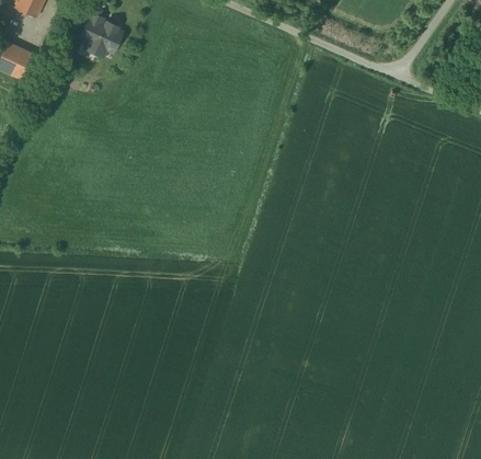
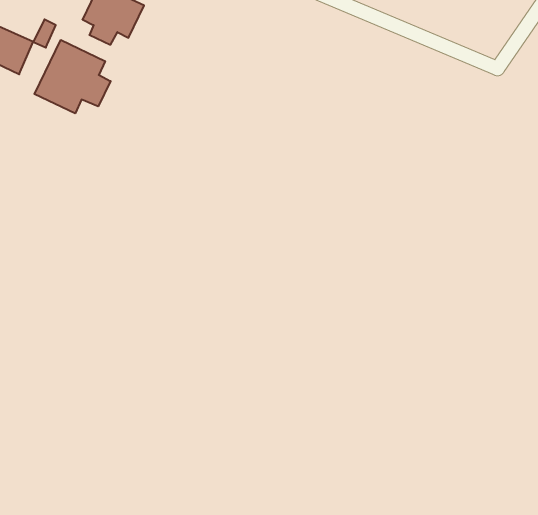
building: none -> [34,40,111,113]

